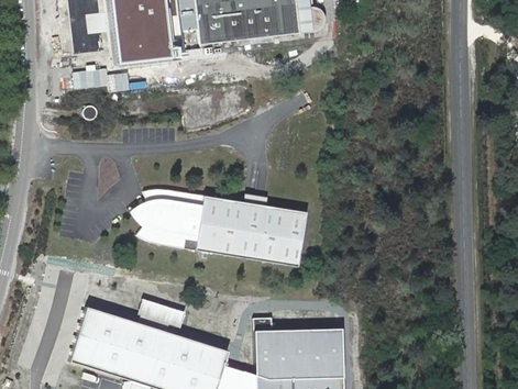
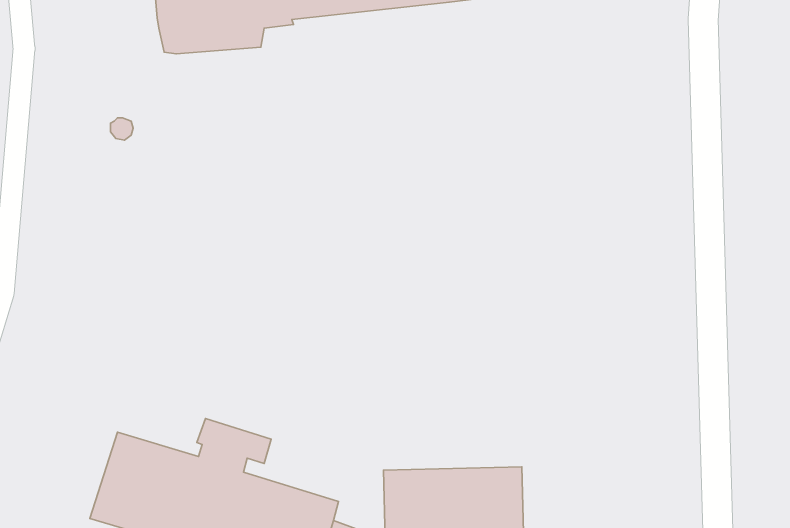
building: [123,188,297,265] -> none

